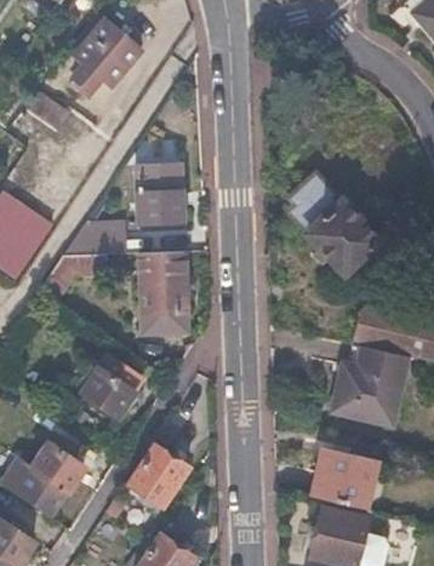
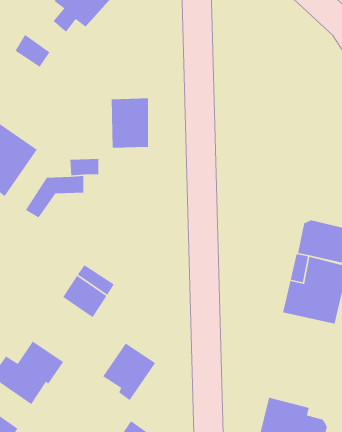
building: [295,176,378,271] -> none
building: [142,251,187,332] -> none
building: [313,450,376,510] -> none

